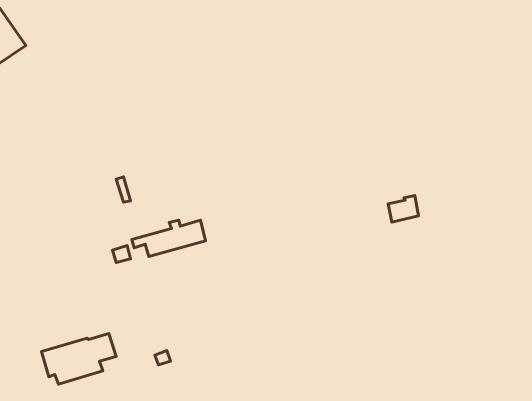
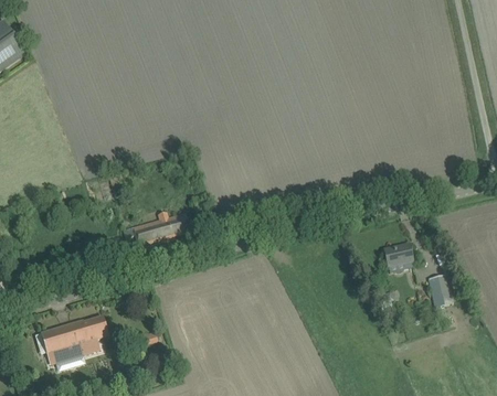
building: [388,196,418,222] -> [384,244,412,268]
building: none -> [427,276,453,308]

